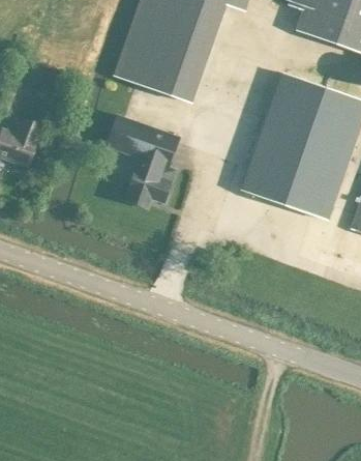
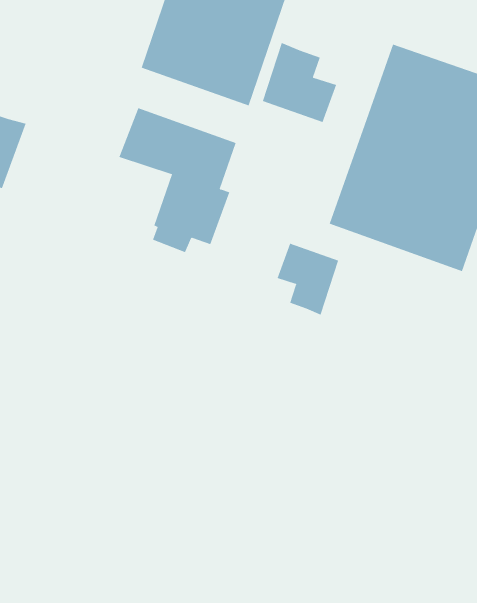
building: none -> [262,42,337,123]
building: none -> [277,243,339,316]

